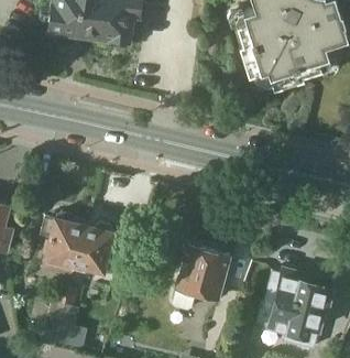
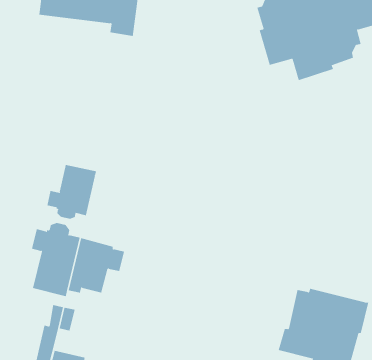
building: none -> [47,164,97,219]
building: [173,245,228,311] -> none

